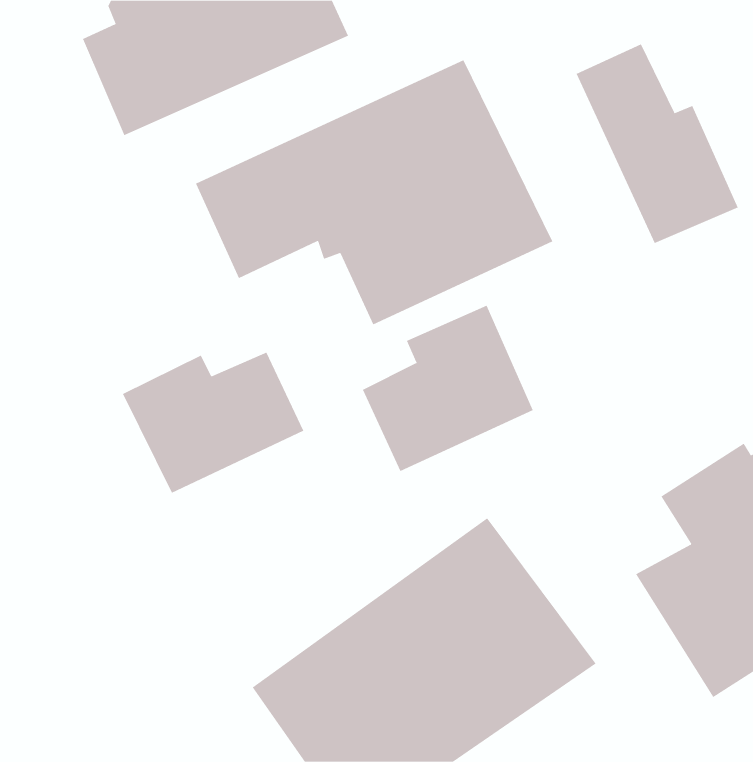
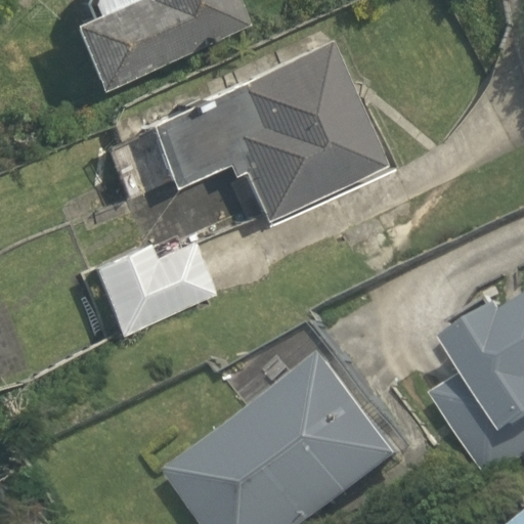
building: [576,43,739,244] -> none
building: [362,305,534,472] -> none

